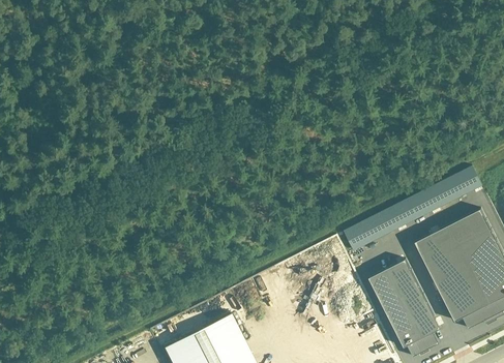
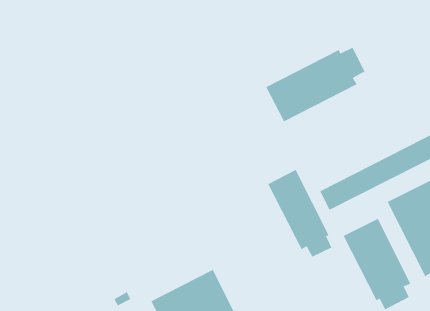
building: none -> [266,47,365,122]
building: none -> [268,169,332,258]

